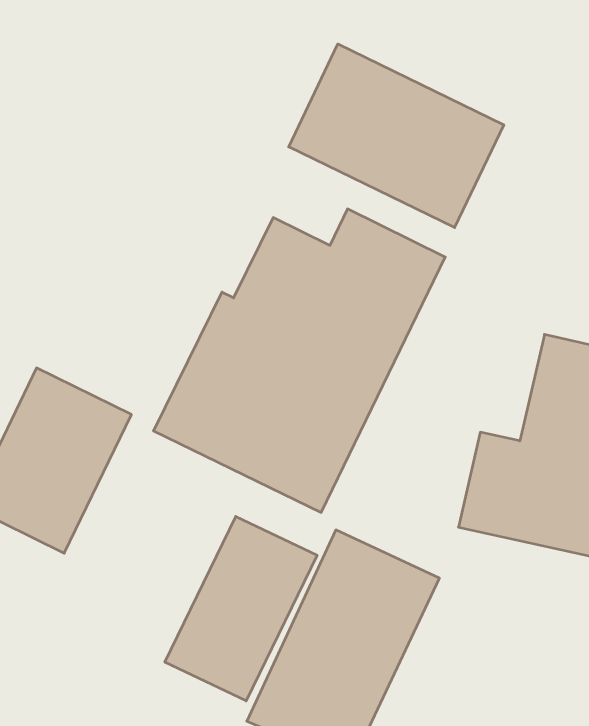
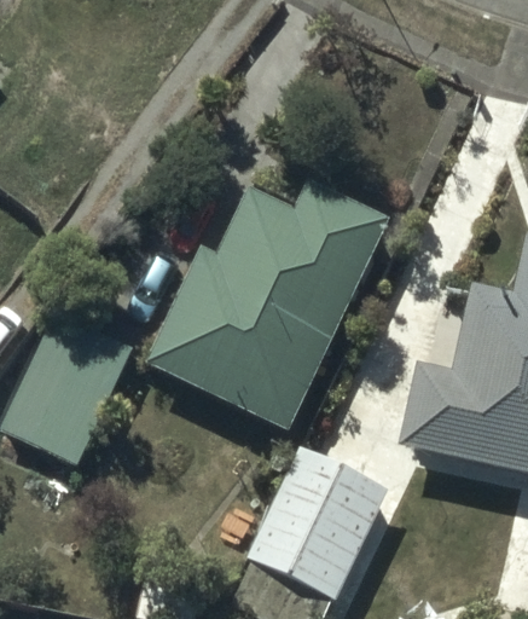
building: [289,44,504,228] -> none
building: [165,516,317,701] -> none

